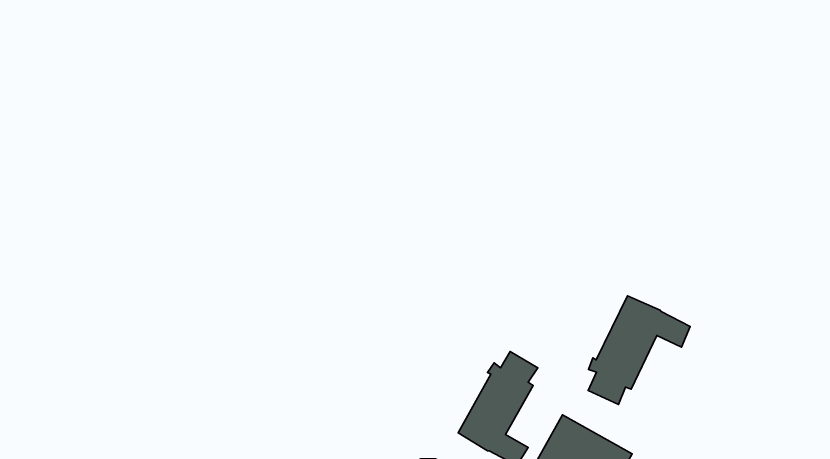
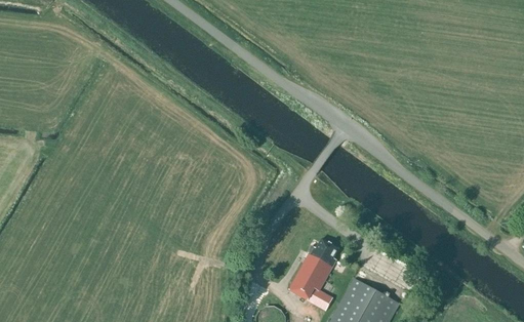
building: [588,296,690,404] -> none

